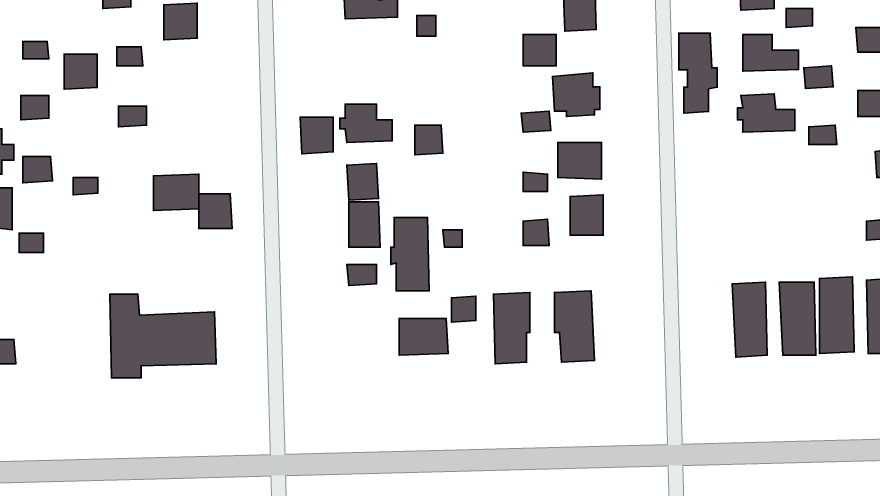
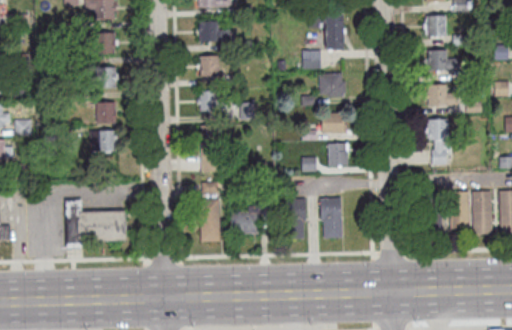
building: [679,33,717,113] -> [429,119,451,165]
building: [64,54,97,89] -> [97,67,116,87]
building: [300,117,333,154] -> [200,55,219,76]
building: [199,194,232,229] -> [97,102,116,122]
building: [391,218,429,291] -> [198,199,220,241]

